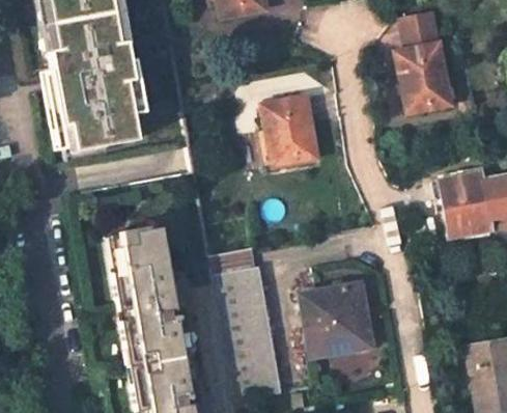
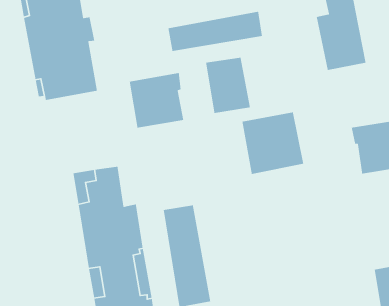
building: none -> [167,11,263,52]
building: none -> [129,72,184,129]
building: [210,248,251,279] -> none
building: [301,279,374,354] -> [242,112,304,175]

